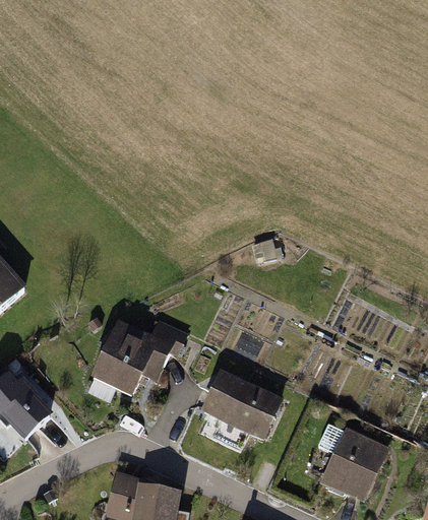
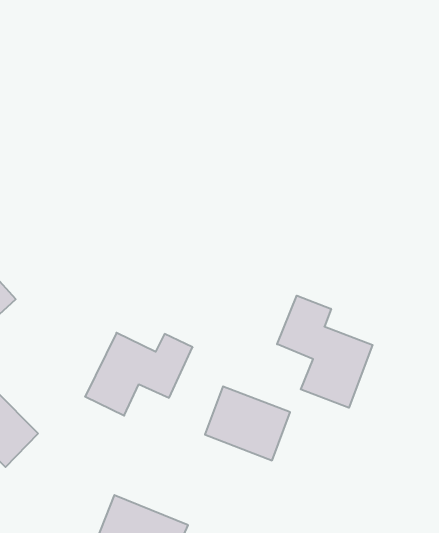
building: none -> [277,296,373,408]
building: [320,428,387,497] -> none

